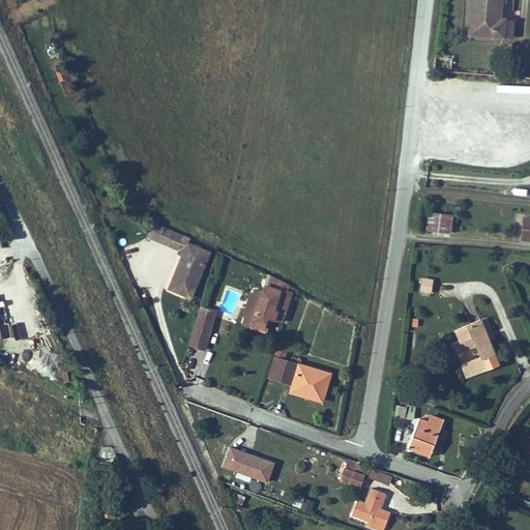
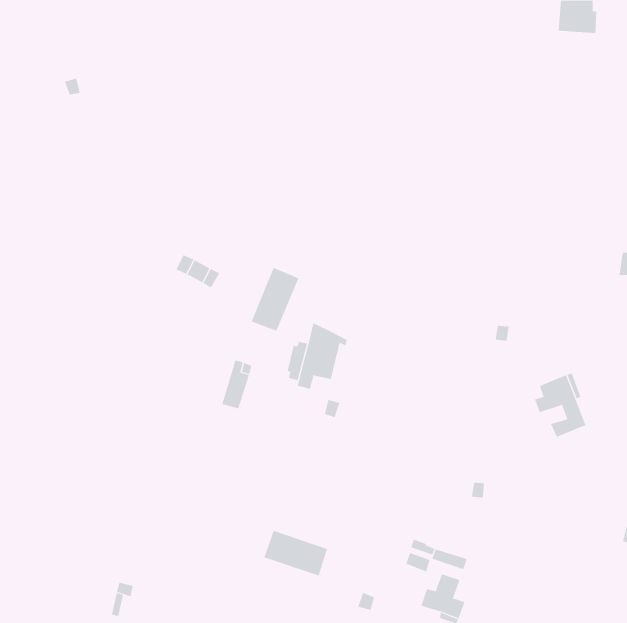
building: [429,214,453,234] -> none
building: [170,244,210,298] -> [251,267,299,331]
building: [268,357,329,401] -> none
building: [405,415,441,454] -> none

